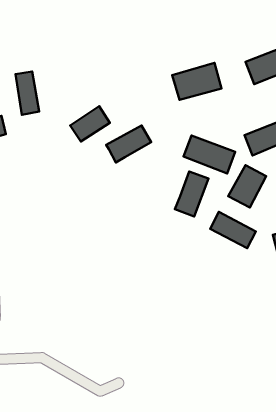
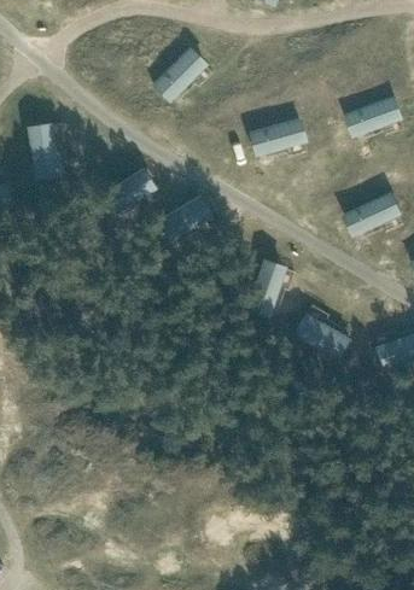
building: none -> [150,45,210,104]
building: [183,136,235,174] -> none
building: [228,165,266,207] -> none

